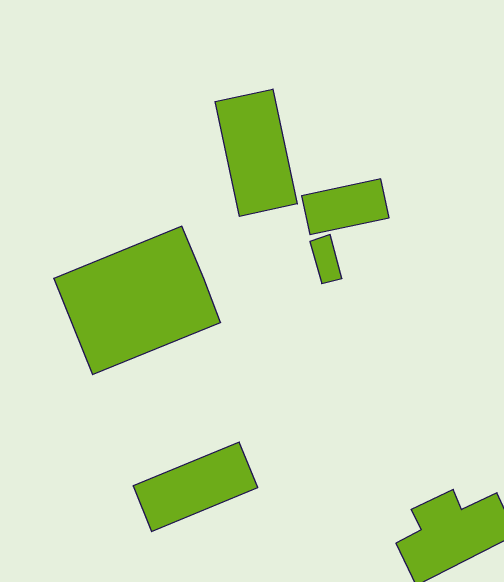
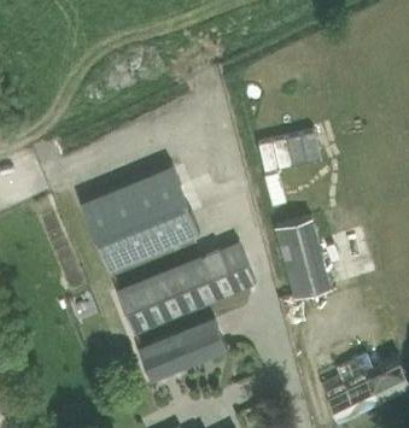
building: [215,89,297,216] -> none
building: none -> [275,218,332,300]
building: none -> [116,244,255,335]

